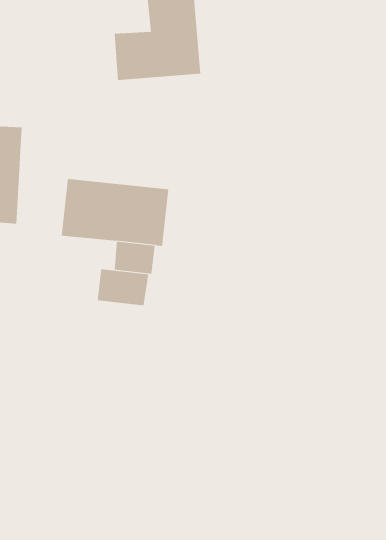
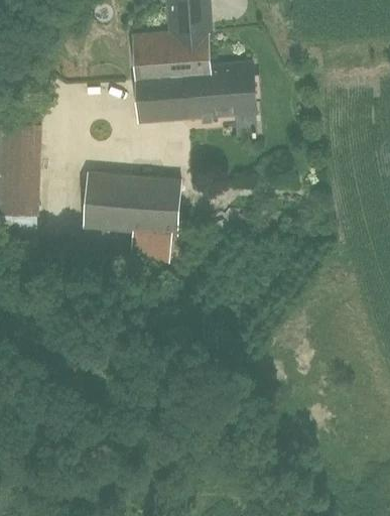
building: none -> [134,70,257,120]
building: [97,268,149,306] -> none

